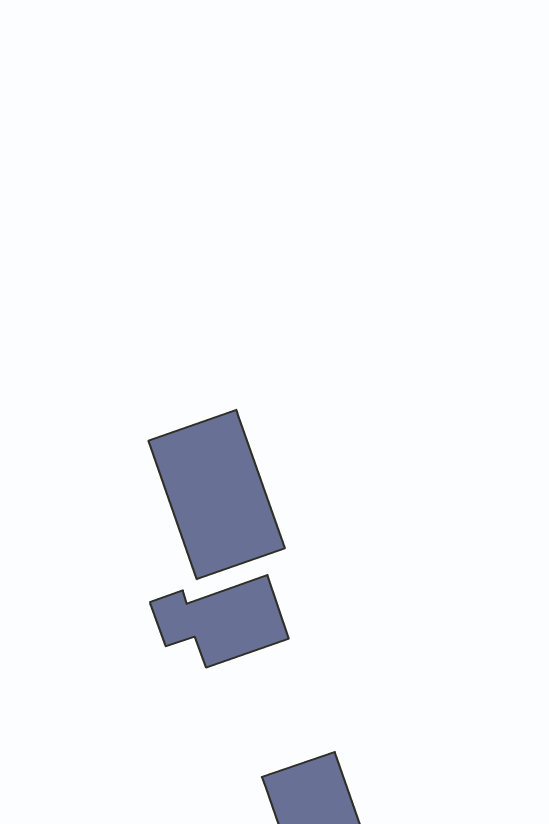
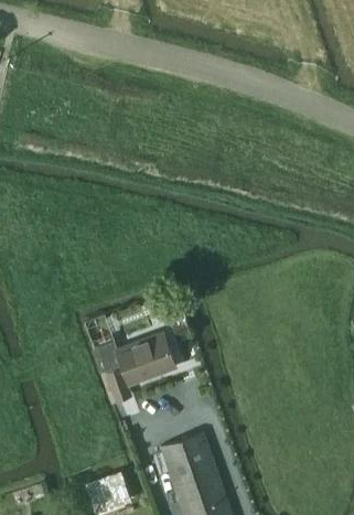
building: [149,410,285,579] -> none

